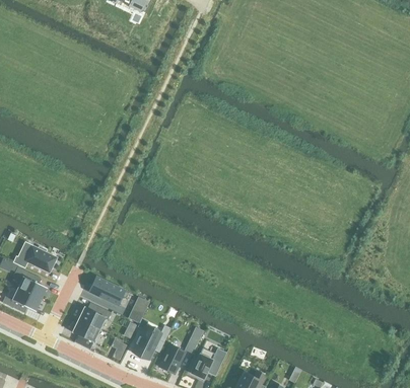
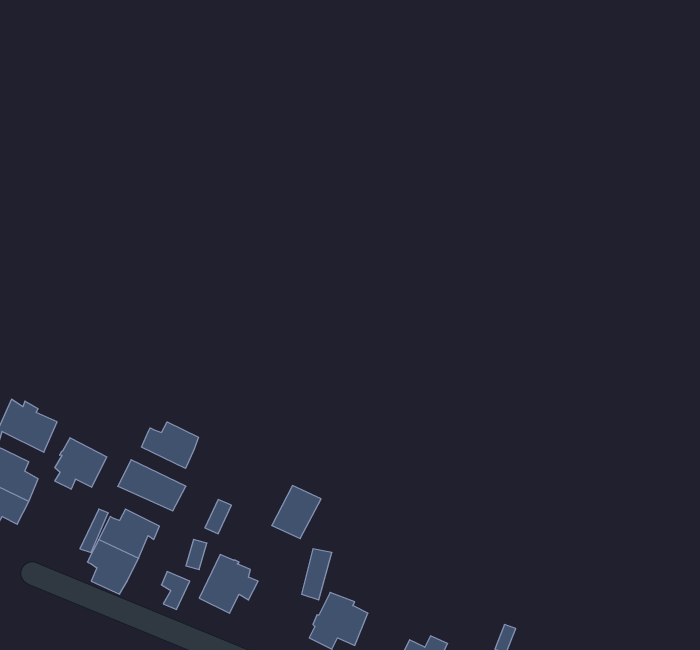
building: none -> [141,422,198,468]
building: none -> [55,438,107,489]
building: [158,344,185,373] -> [272,486,321,539]

